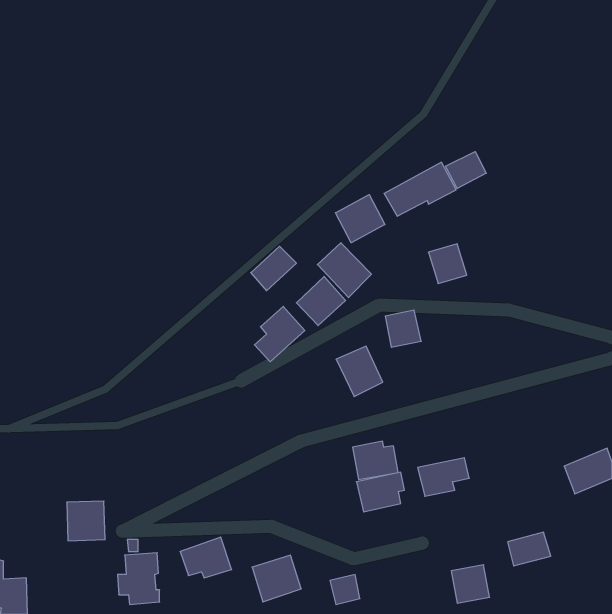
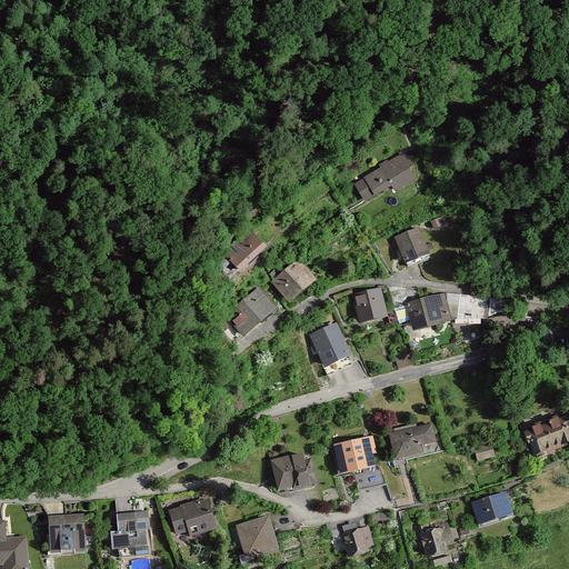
building: [446,152,486,189] -> none
building: [335,195,385,243] -> none
building: [317,243,371,298] -> none
building: none -> [407,290,455,331]
building: [353,441,398,480] -> [269,455,311,490]
building: [67,501,105,541] -> [46,513,81,550]
building: [330,575,360,605] -> [340,527,368,555]

